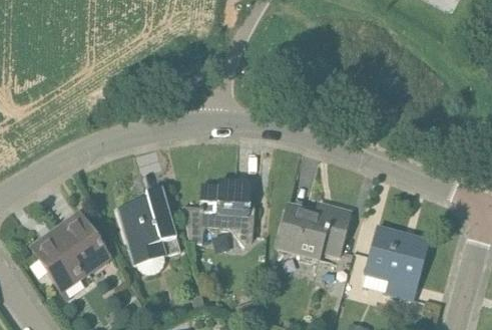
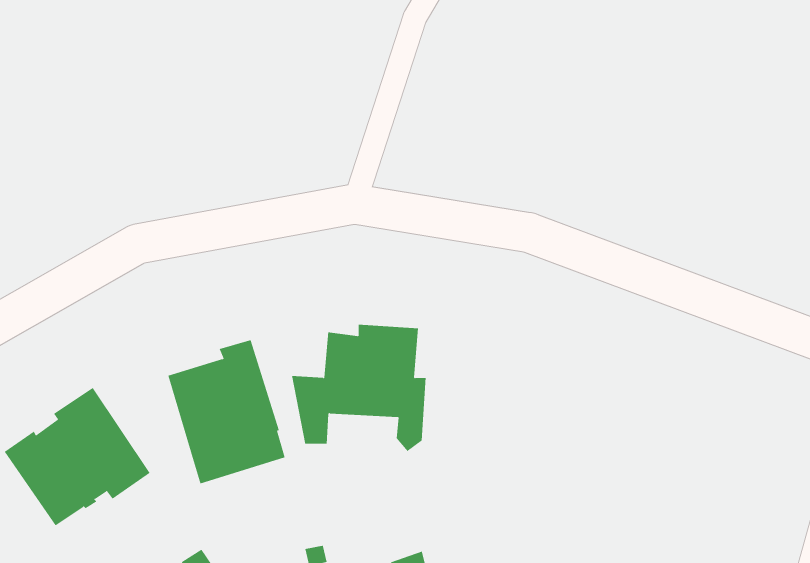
building: [277,205,351,258] -> none
building: [366,227,428,298] -> none

